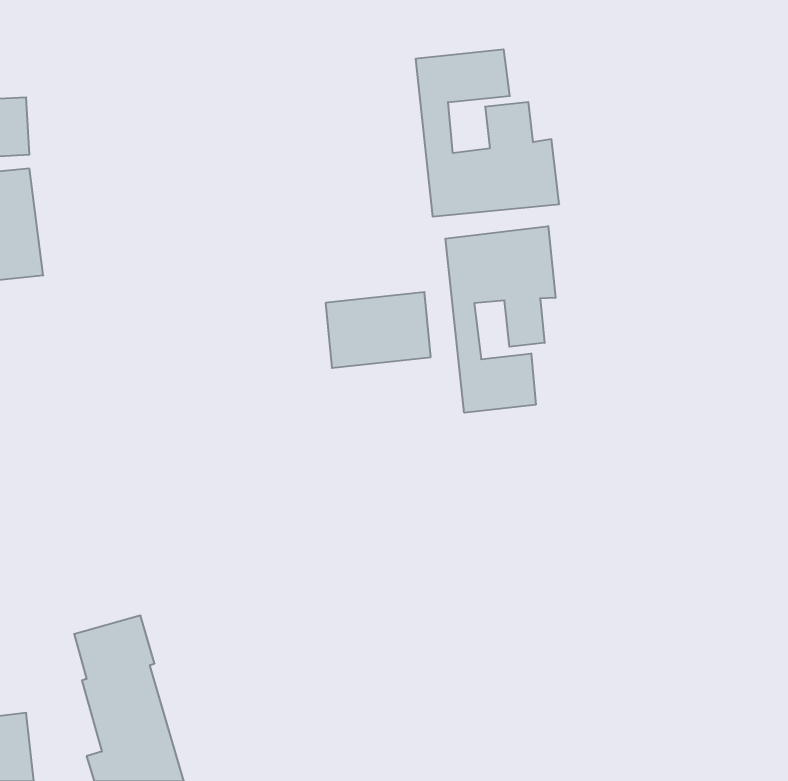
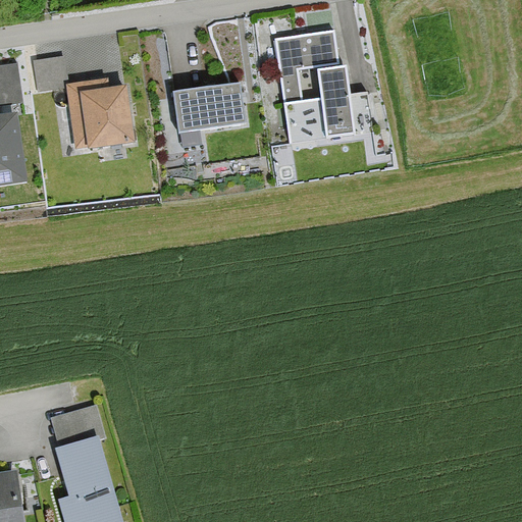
building: none -> [32,58,136,149]
building: [445,226,555,413] -> none
building: [326,292,431,368] -> [176,84,246,134]

